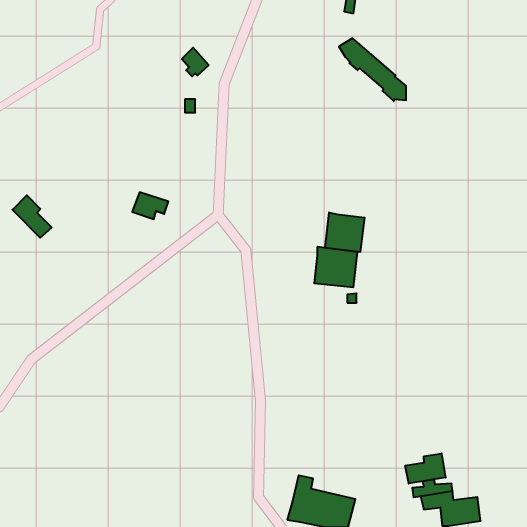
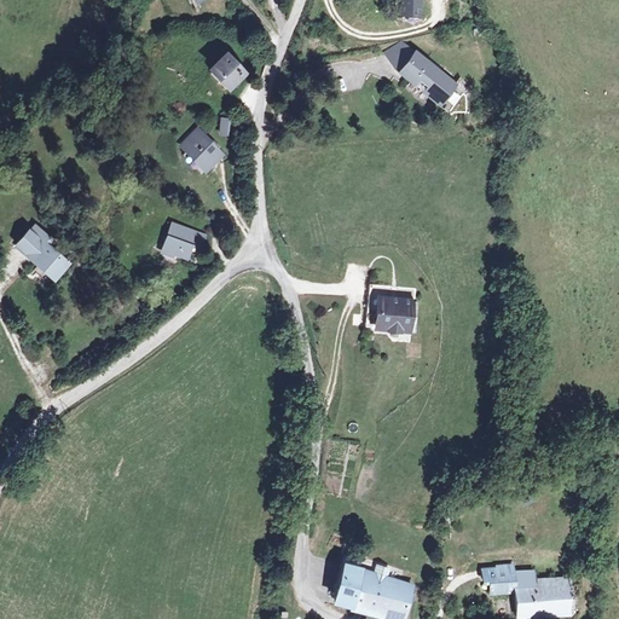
building: none -> [181,131,225,174]
building: [325,212,365,252] -> none
building: [405,453,446,484] -> none

